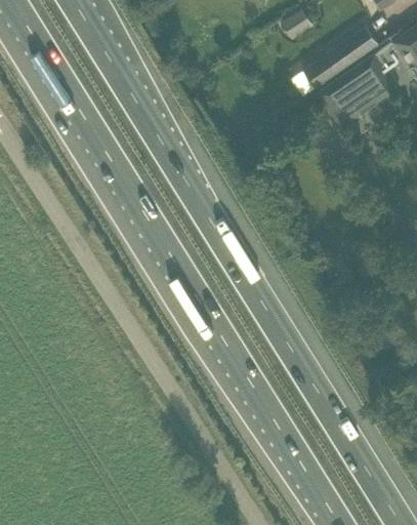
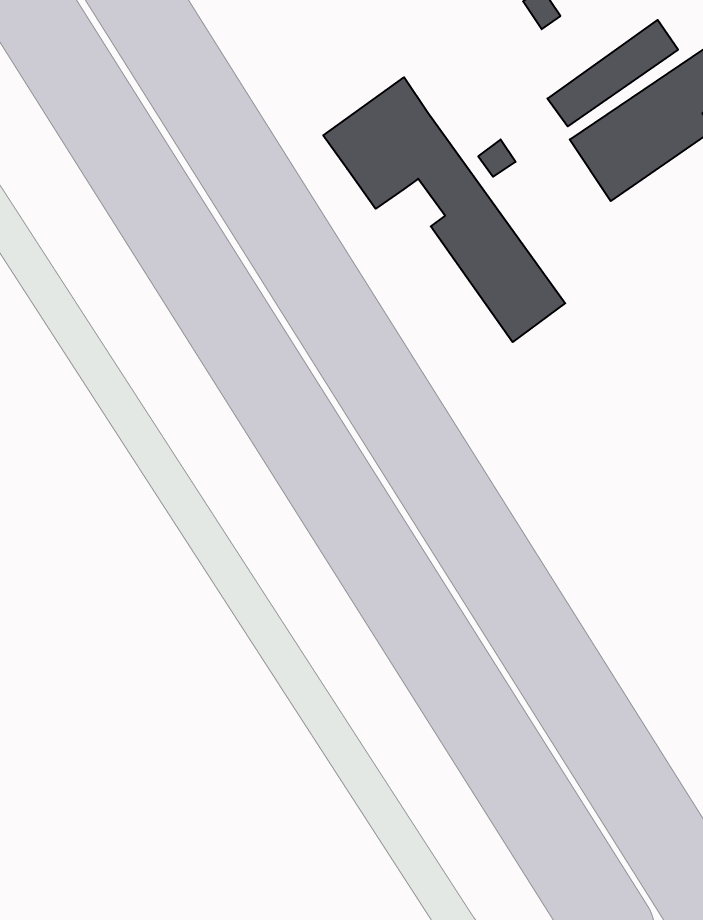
building: none -> [323,77,565,342]

